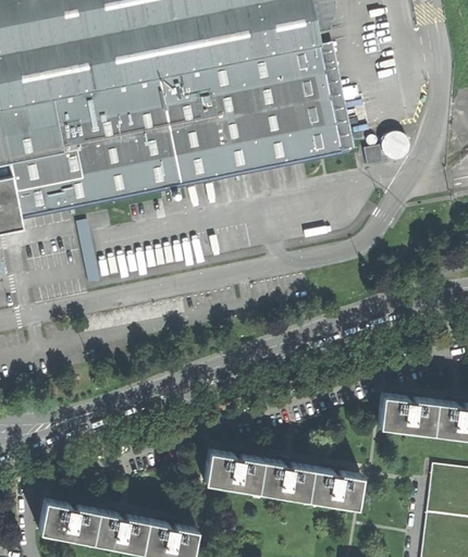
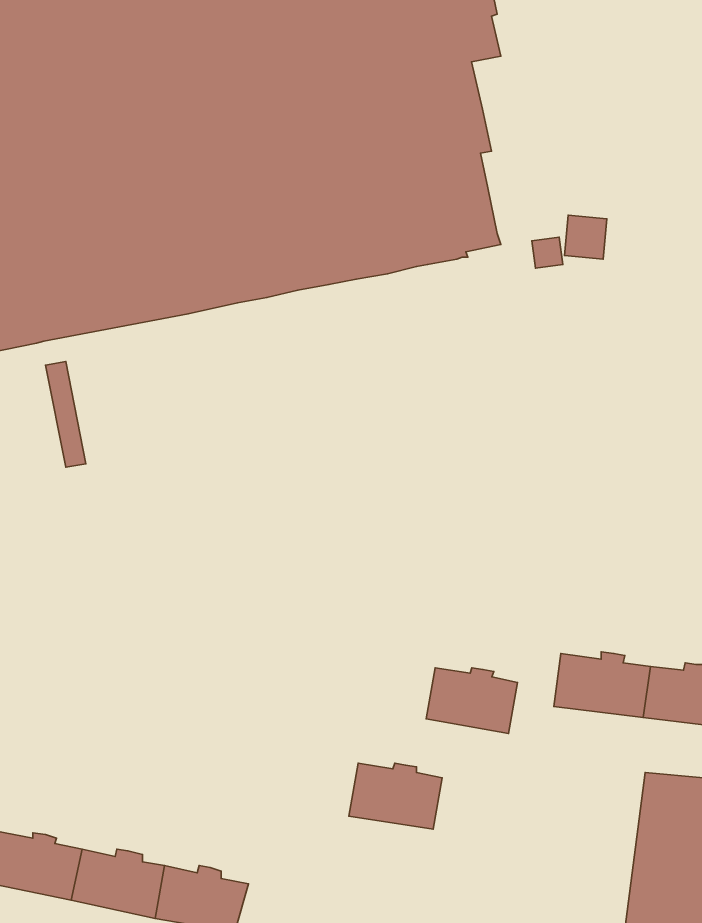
building: [204,450,261,491] -> none
building: [306,468,360,507] -> [426,668,518,734]

